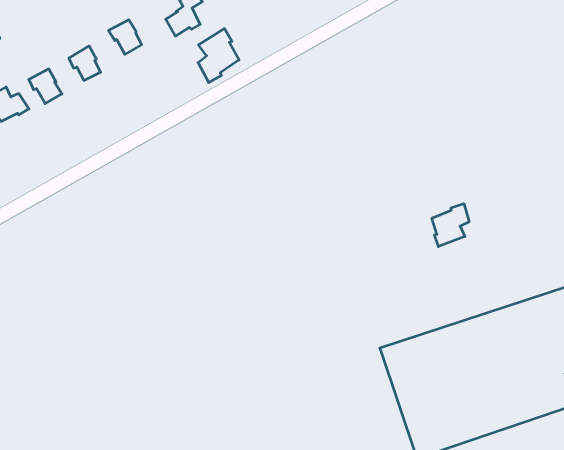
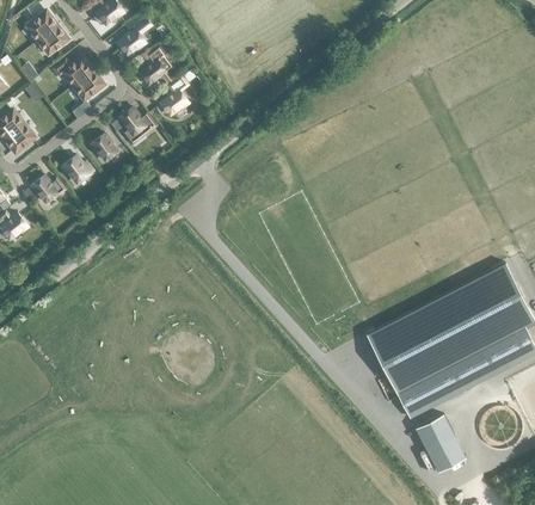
building: [198,29,239,83] -> none
building: [432,204,469,247] -> none

